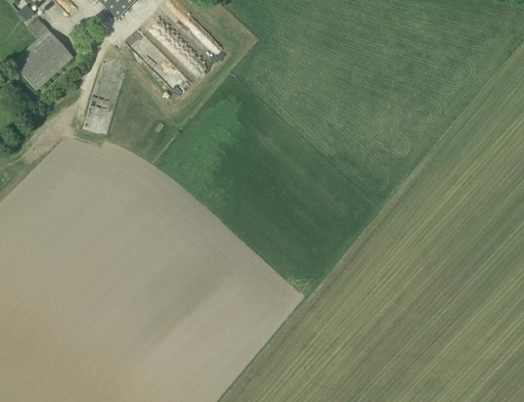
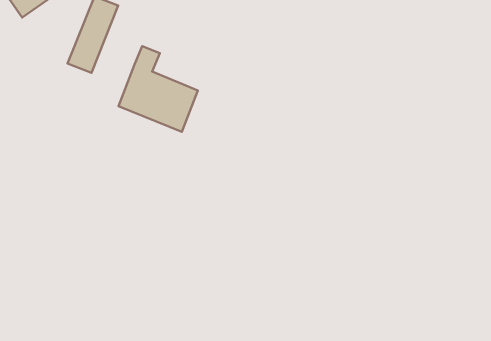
building: none -> [118,46,198,132]

